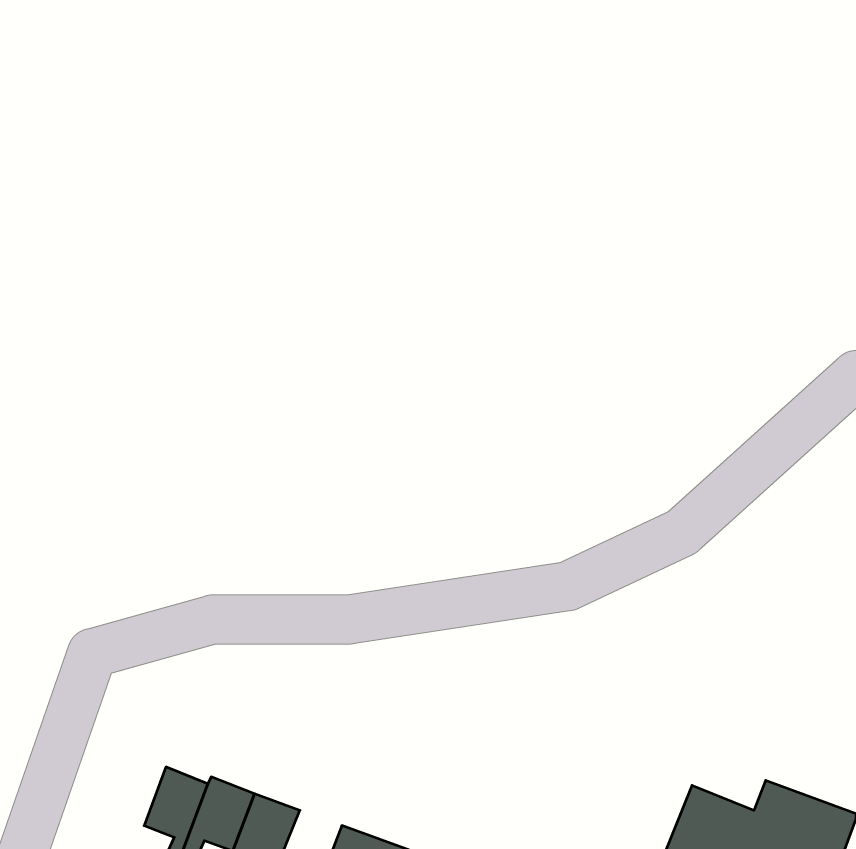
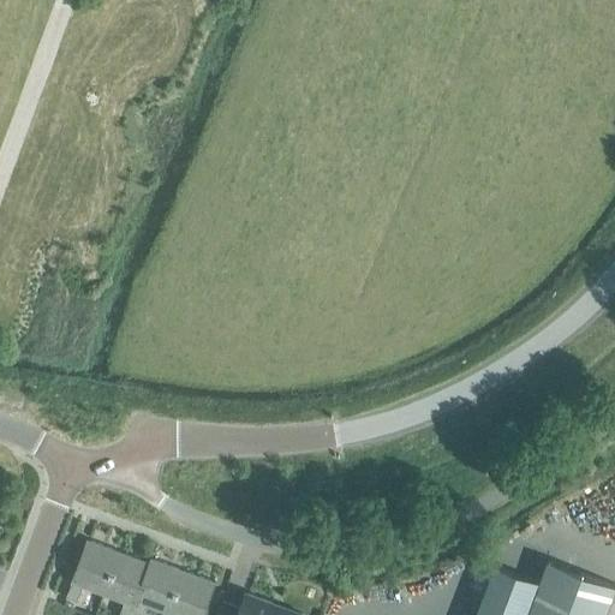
building: none -> [67,543,119,604]

